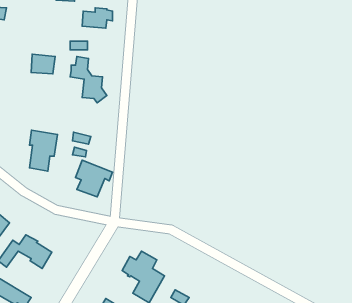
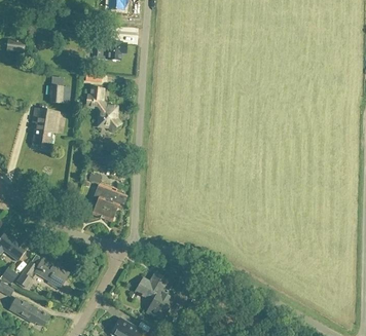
building: [29,130,58,171] -> [33,107,60,146]

